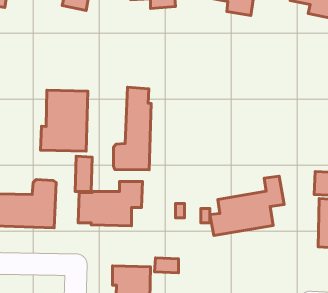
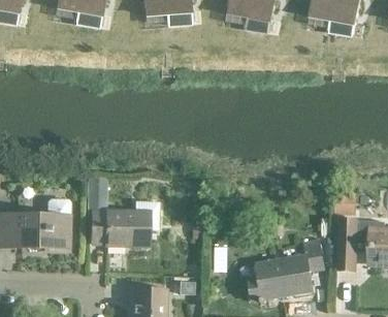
building: [113,87,151,170] -> none
building: [40,90,88,151] -> none
building: [210,176,284,236] -> [247,240,323,300]

